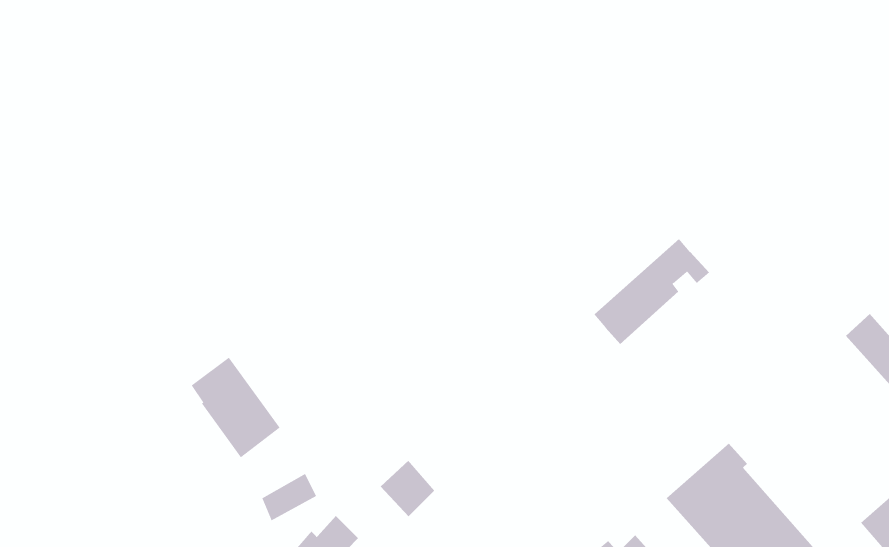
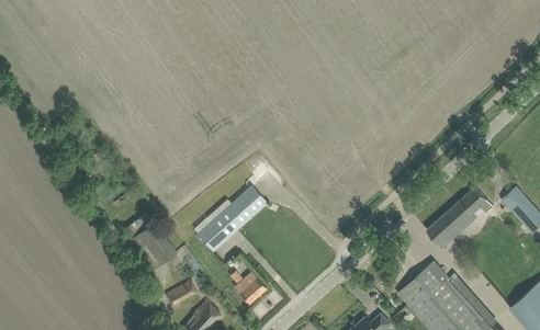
building: [593,238,710,345] -> [427,186,494,248]
building: none -> [199,185,268,250]

